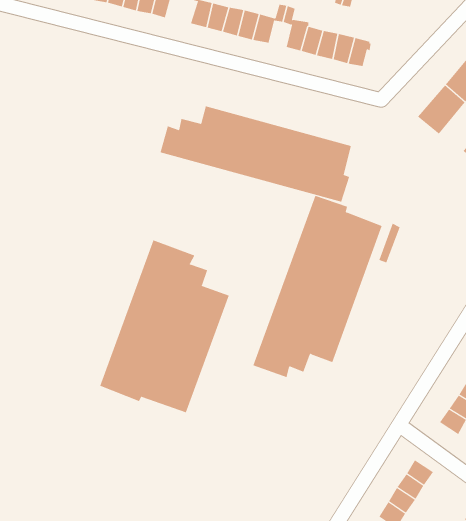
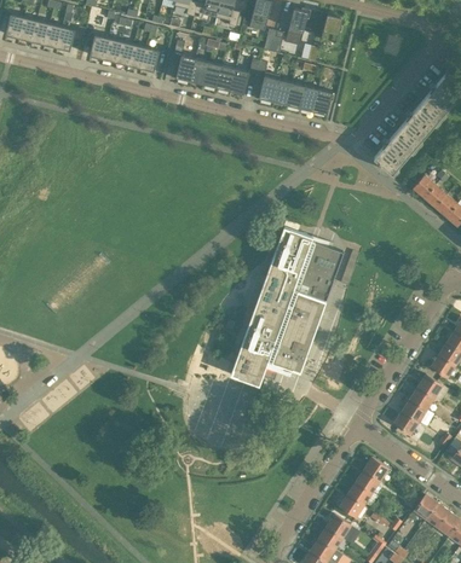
building: [160,105,351,203] -> none
building: [99,240,230,413] -> none

